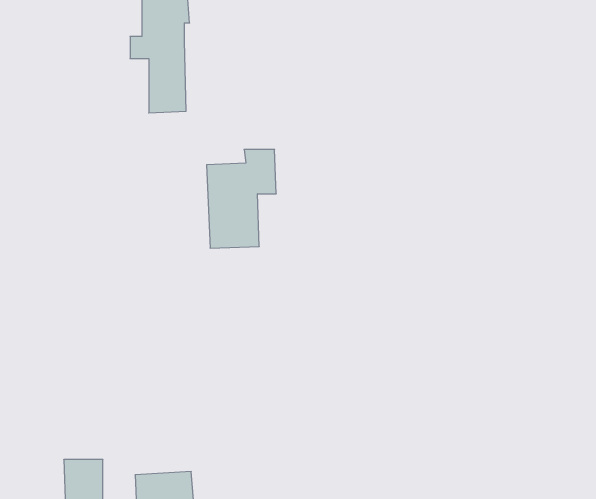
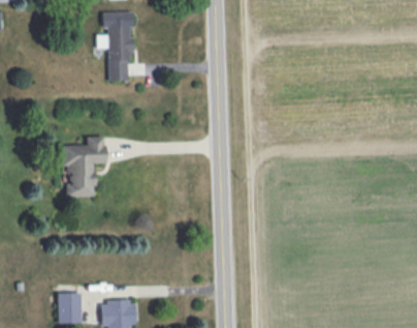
building: [207,149,276,248] -> [63,137,105,197]

